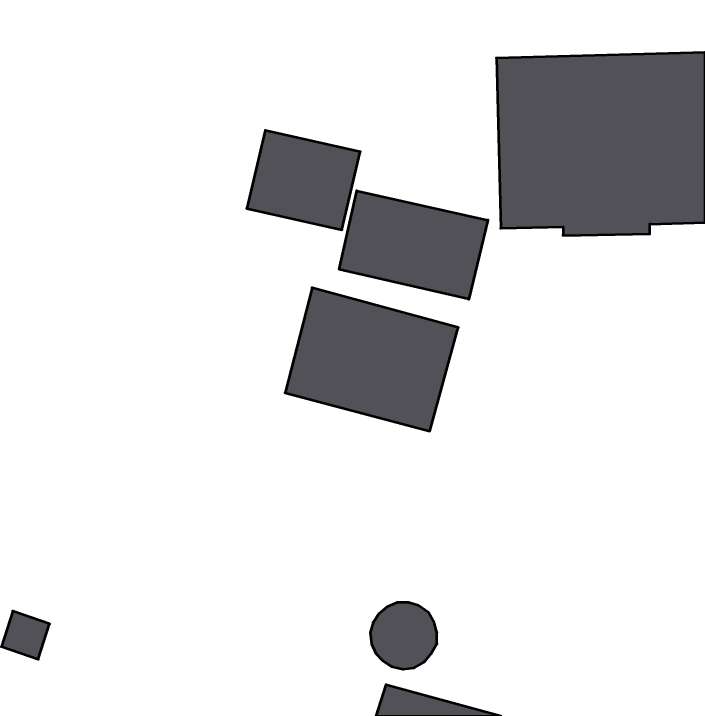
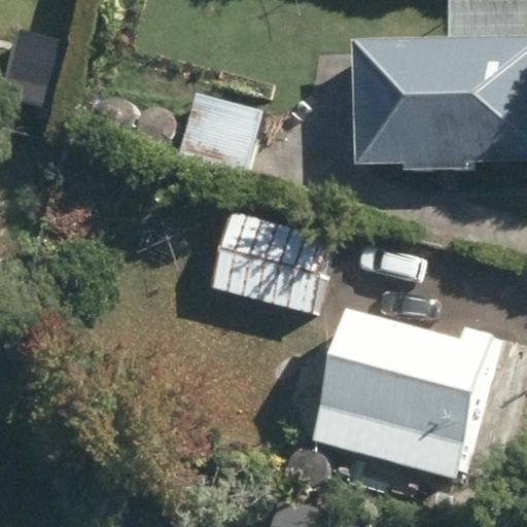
building: [339,191,488,299] -> none
building: none -> [328,311,500,468]

